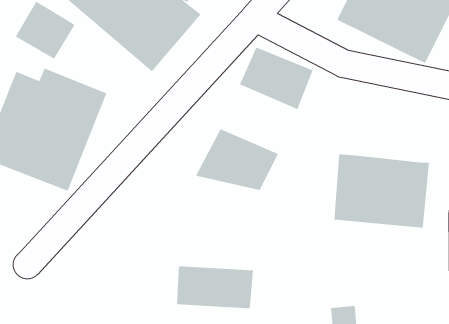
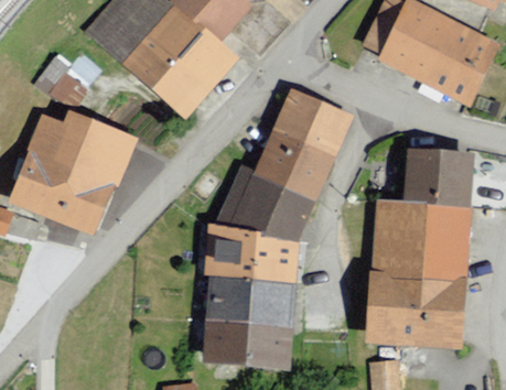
building: none -> [254,128,335,201]
building: none -> [403,150,469,209]
building: none -> [208,223,295,323]
building: none -> [366,270,467,348]

